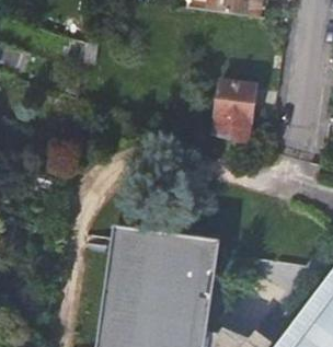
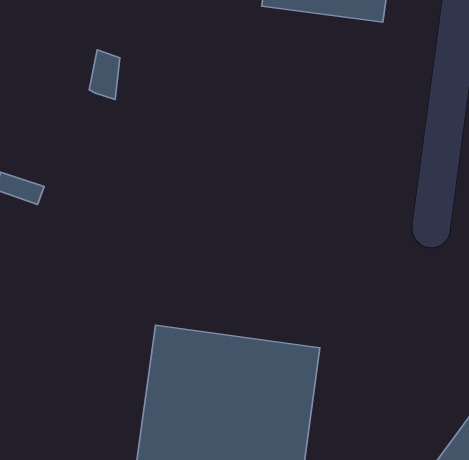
building: [211,80,254,144] -> none

